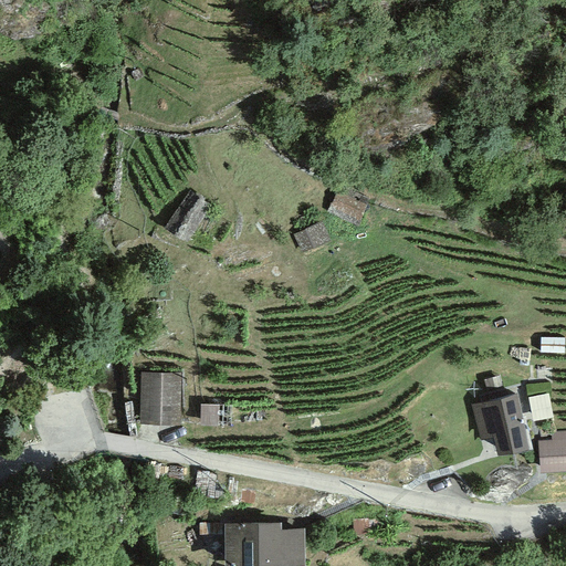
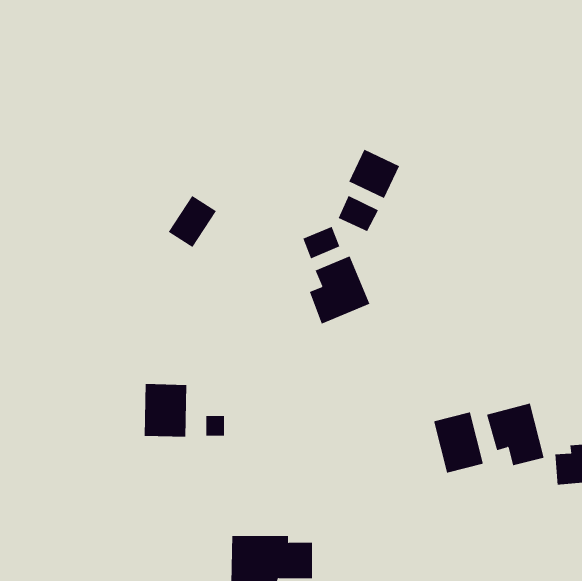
building: none -> [349,149,400,199]
building: none -> [309,256,370,324]
building: none -> [433,411,483,474]

